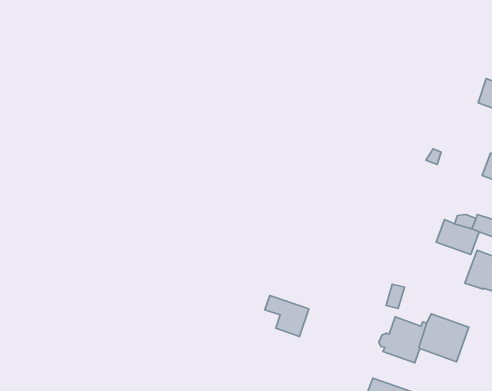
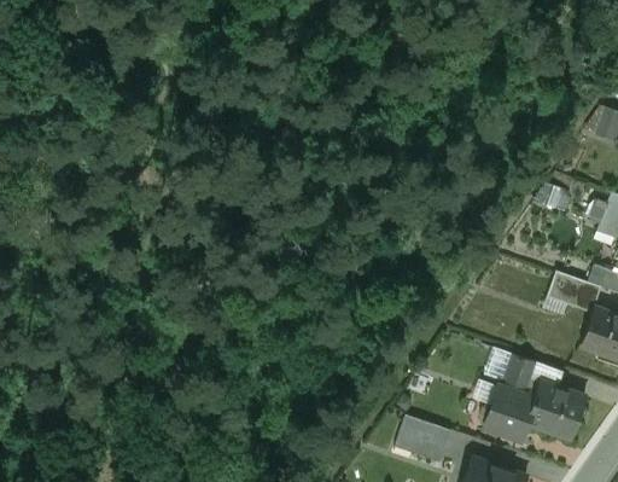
building: none -> [503,355,537,390]
building: [265,296,309,336] -> [400,416,451,464]

